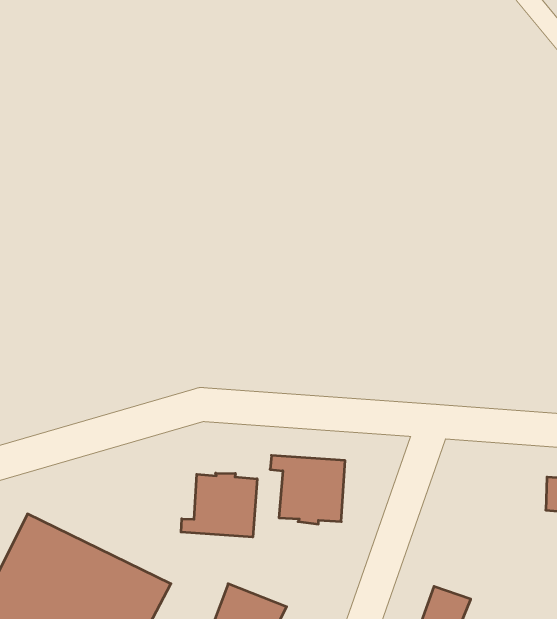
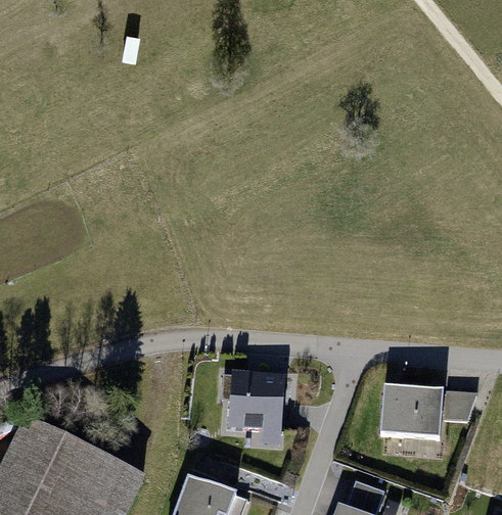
building: none -> [381,386,444,437]
building: [181,473,257,537] -> none

